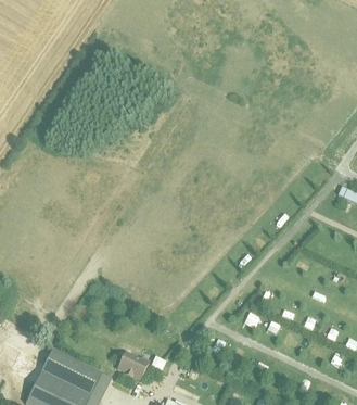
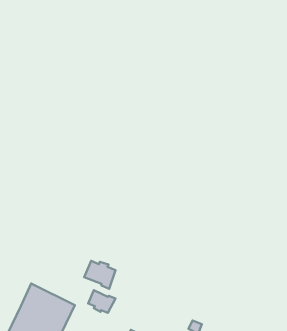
building: none -> [84,261,116,289]

